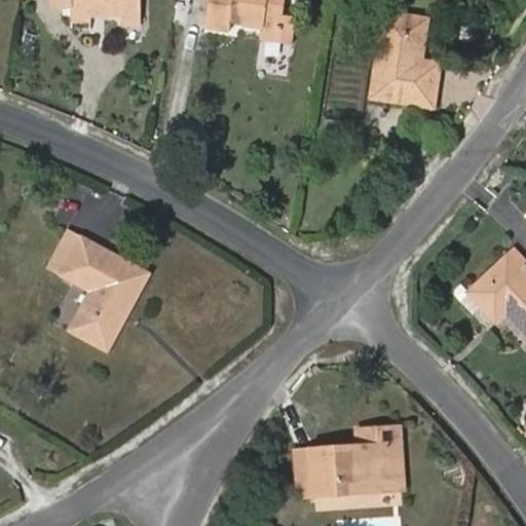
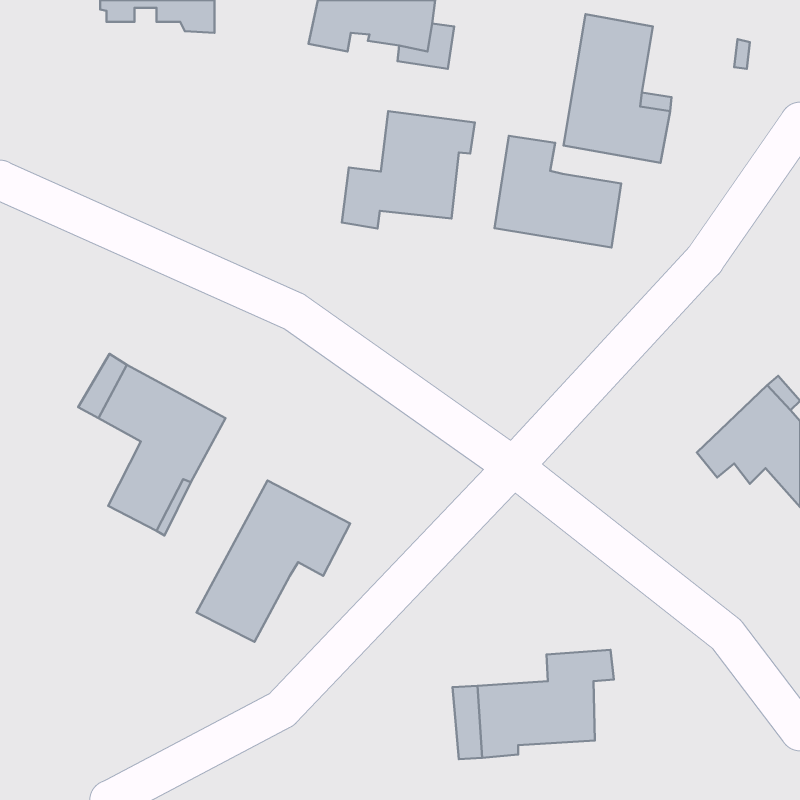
building: none -> [342,111,475,228]
building: none -> [494,136,621,248]
building: none -> [197,480,350,642]
building: [340,446,406,495] -> none

